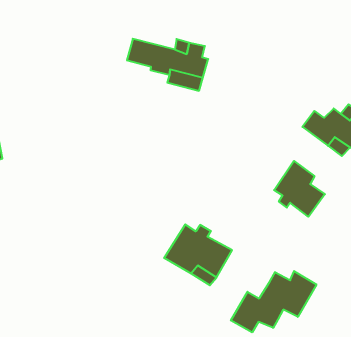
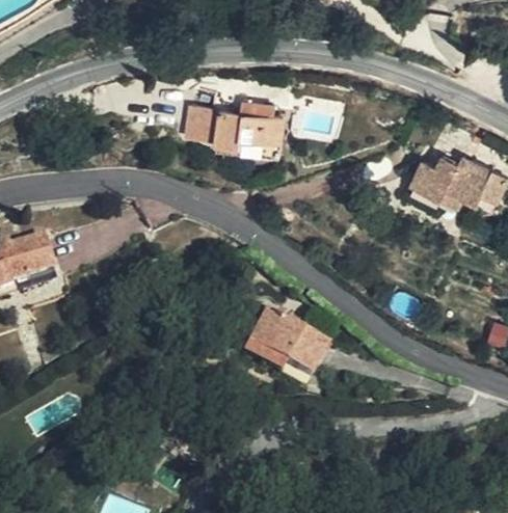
building: [274,161,325,217] -> none
building: [231,271,316,332] -> none

